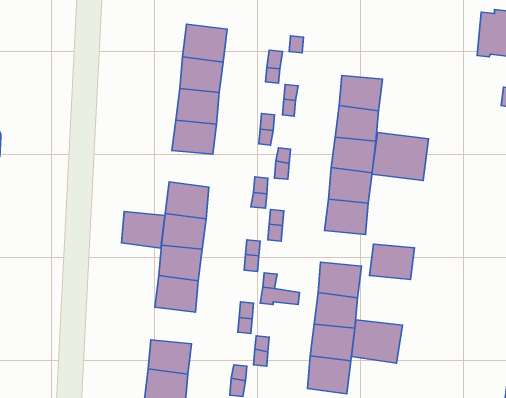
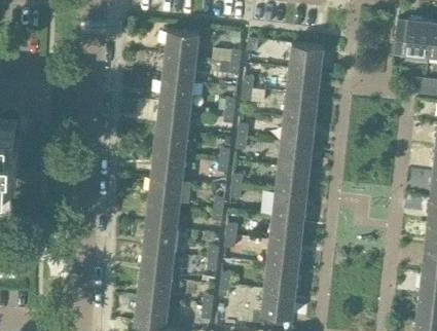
building: none -> [288,43,323,73]
building: [372,132,429,181] -> none
building: [121,211,165,248] -> [153,128,187,157]
building: [370,244,414,280] -> [271,191,306,219]
building: none -> [139,251,174,280]
building: [352,320,403,363] -> none

